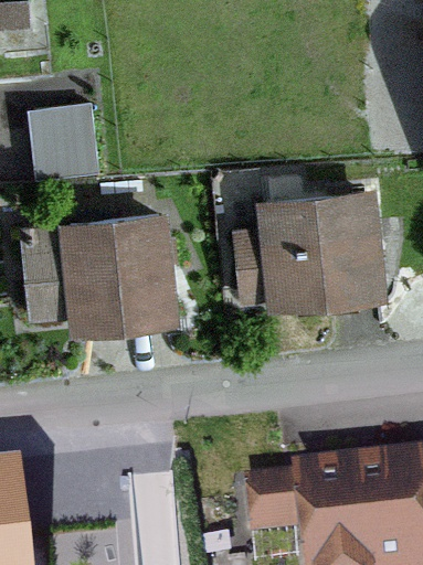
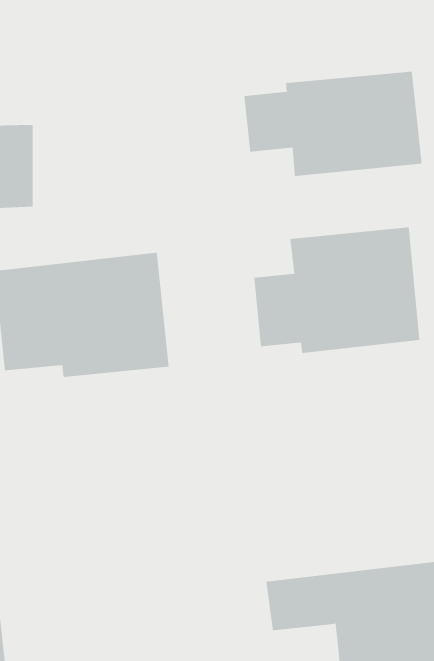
building: none -> [244,71,422,177]

